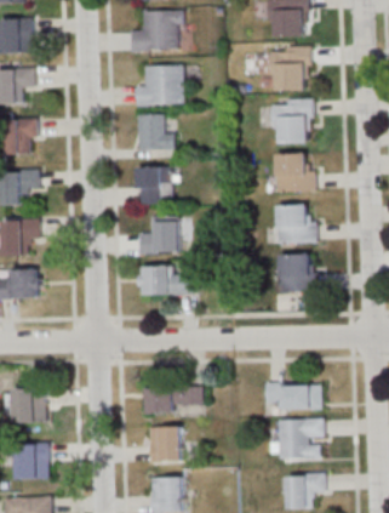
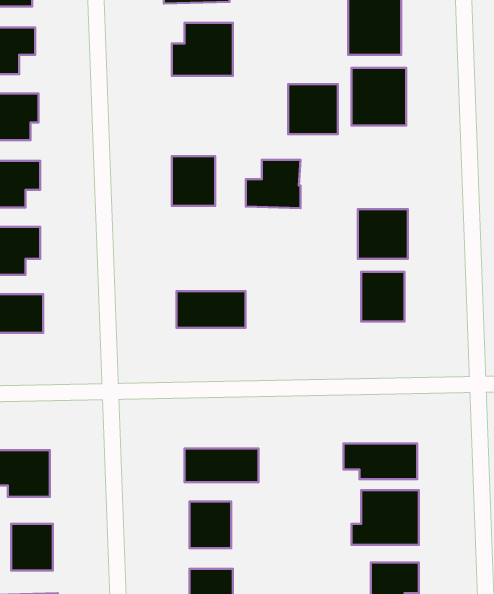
building: [136,114,172,149] -> none
building: [275,154,313,192] -> [288,84,338,134]
building: [138,217,179,253] -> [246,160,300,208]

